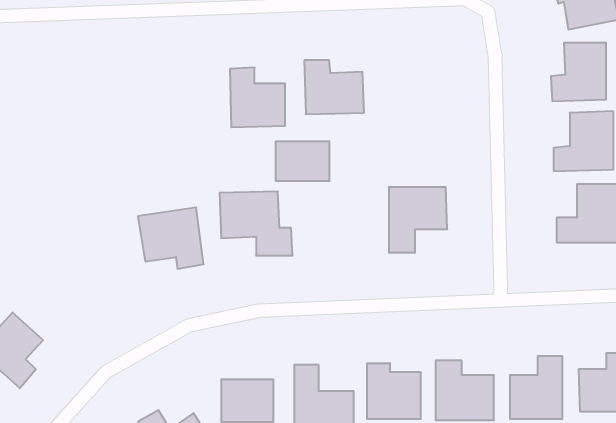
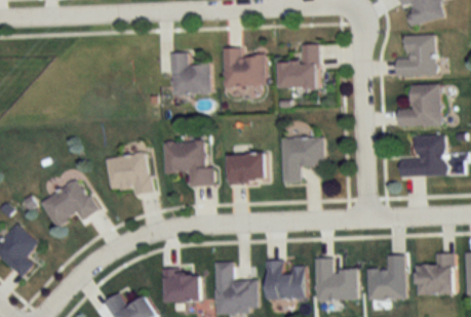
building: none -> [280,44,318,88]
building: [276,142,330,181] -> [228,153,266,181]
building: none -> [41,179,97,227]

